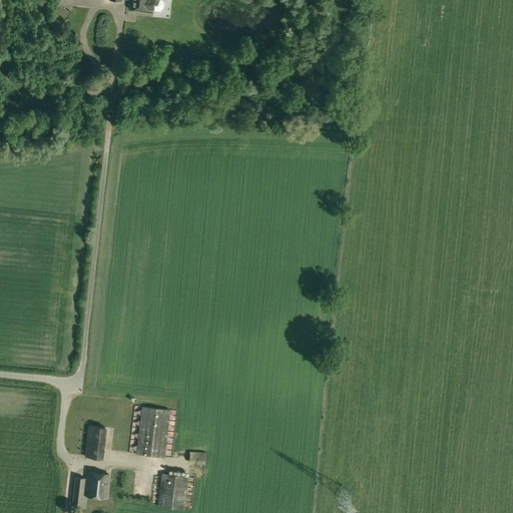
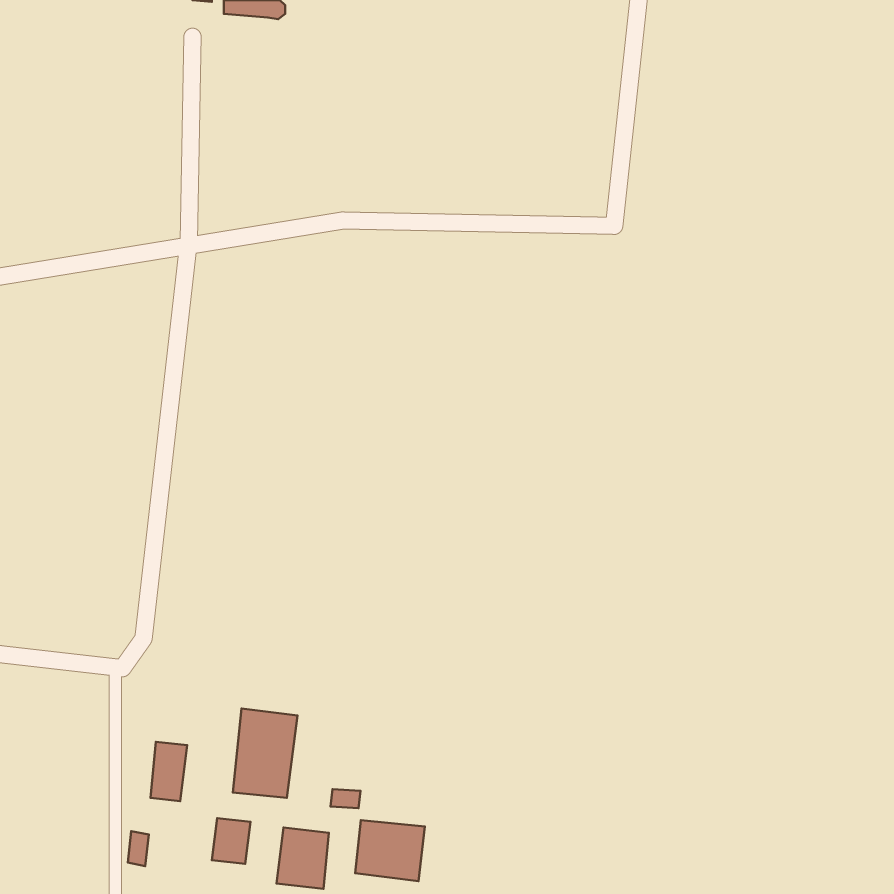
building: none -> [355,820,425,881]
building: [86,472,108,498] -> [212,818,250,864]

